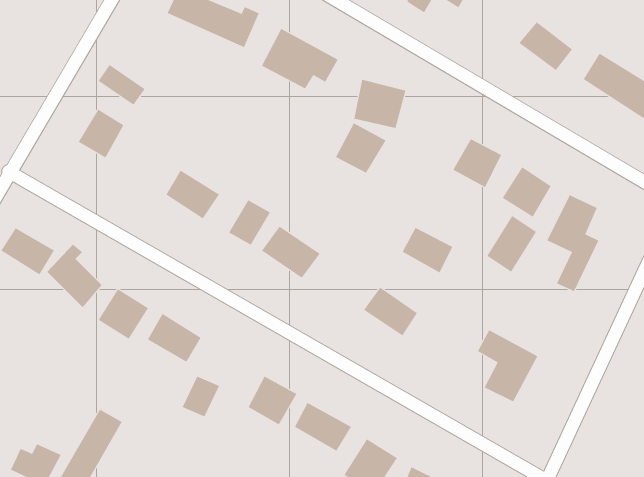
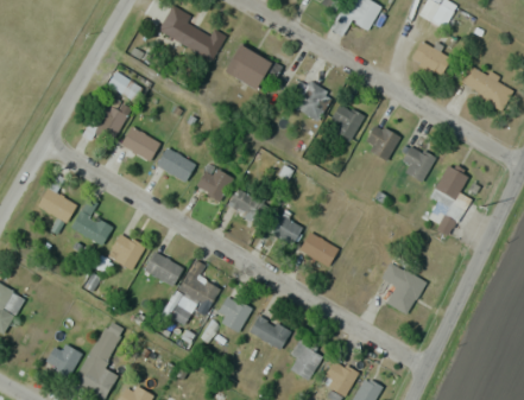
building: [335,122,386,174] -> [328,103,365,140]
building: none -> [121,126,160,161]
building: [486,215,537,272] -> none
building: [402,227,453,273] -> [266,212,303,246]
building: none -> [179,262,220,307]

